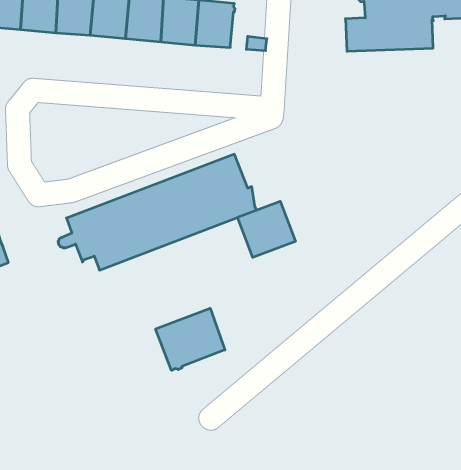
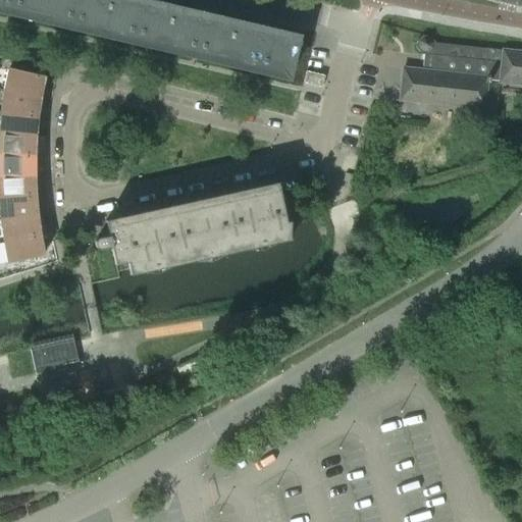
building: [238,201,295,257] -> none
building: [156,308,225,370] -> none
building: none -> [31,337,81,374]

